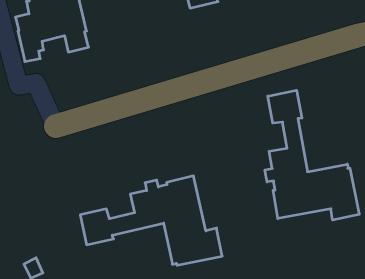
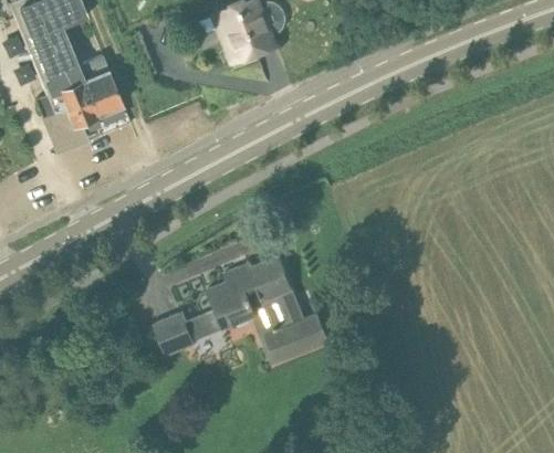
building: [265,90,359,220] -> none

